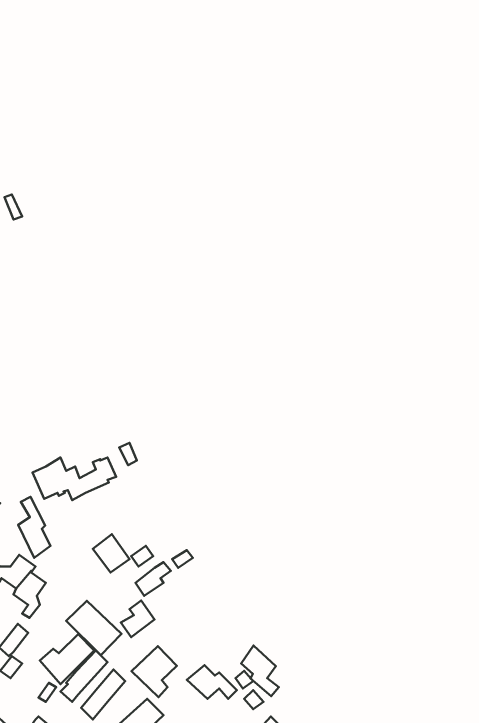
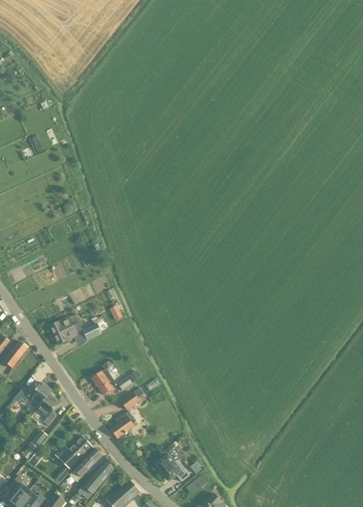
building: [18,497,50,558] -> none
building: [66,601,122,655] -> none
building: [241,645,279,696] -> none
building: [131,646,177,697] -> none

